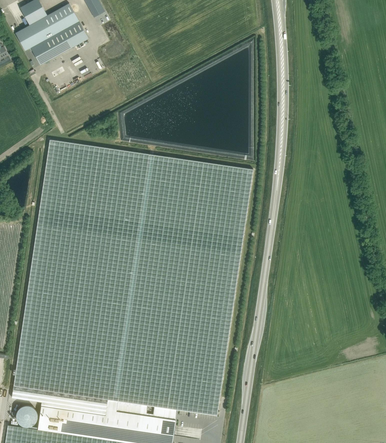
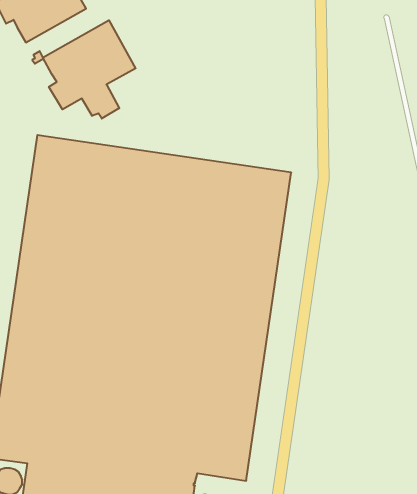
building: none -> [43,20,136,119]

